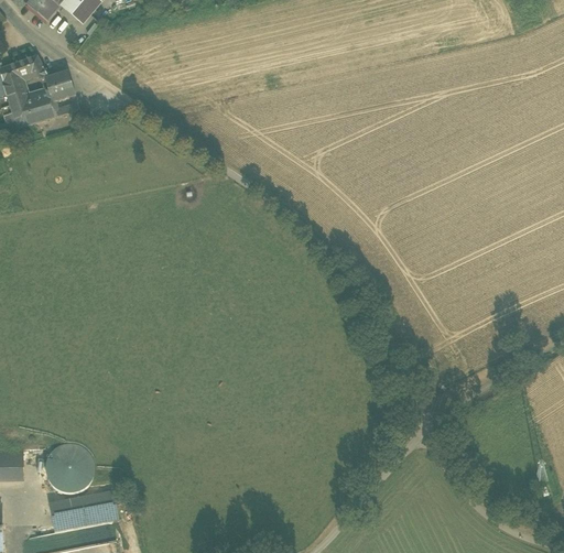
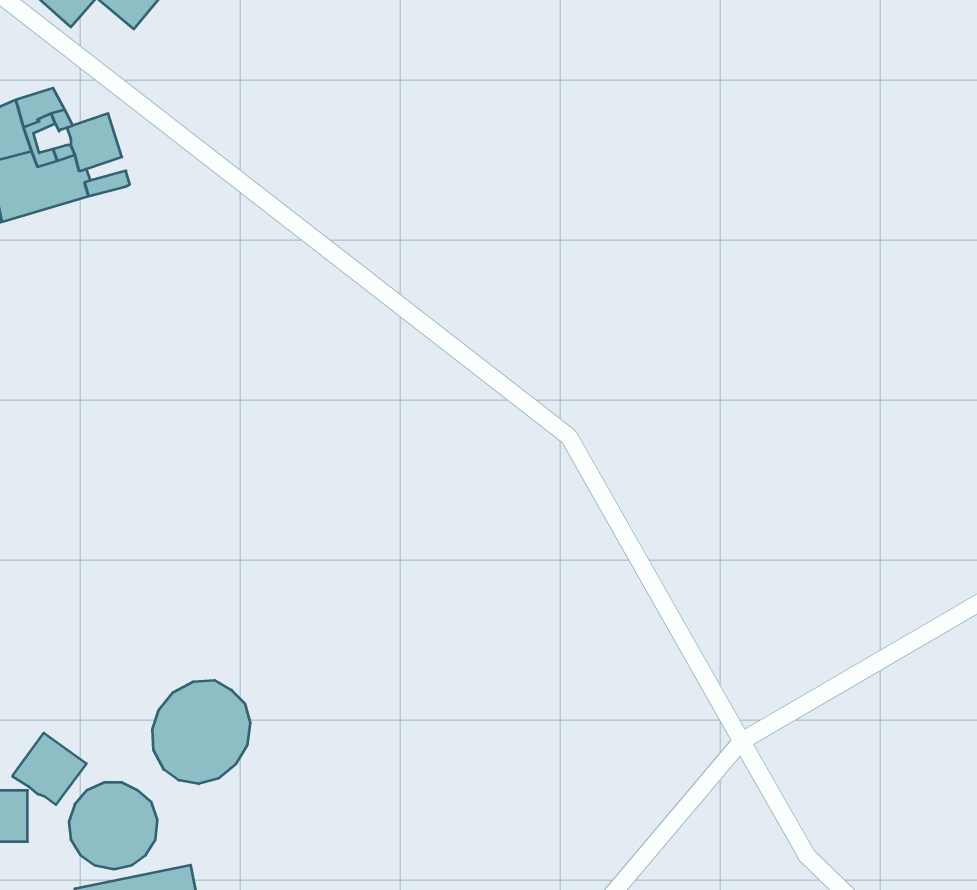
building: none -> [152,680,250,784]
building: none -> [13,733,86,805]

